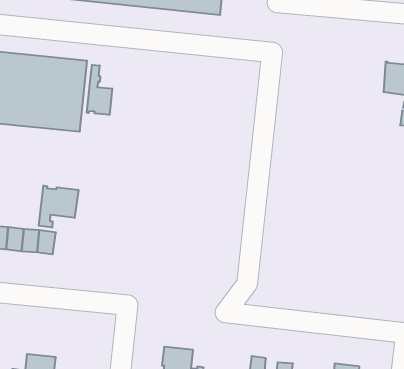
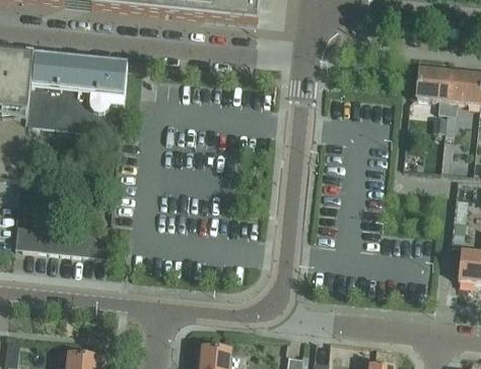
building: [87,65,112,115] -> none
building: [39,185,78,228] -> none

